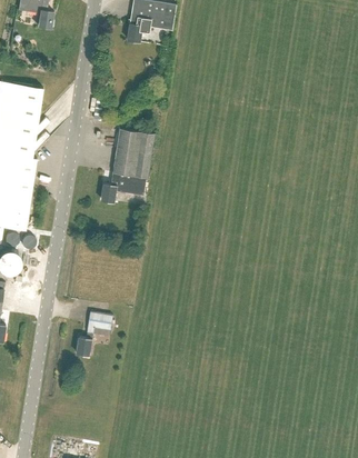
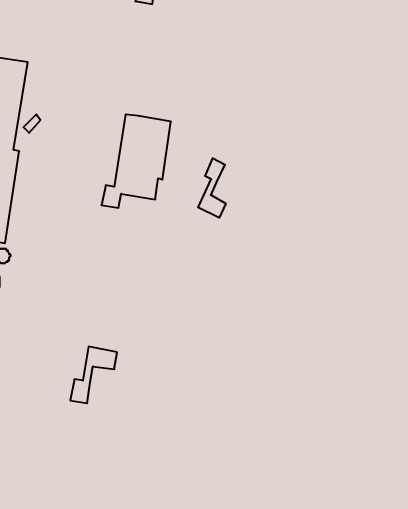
building: none -> [198,158,226,218]

